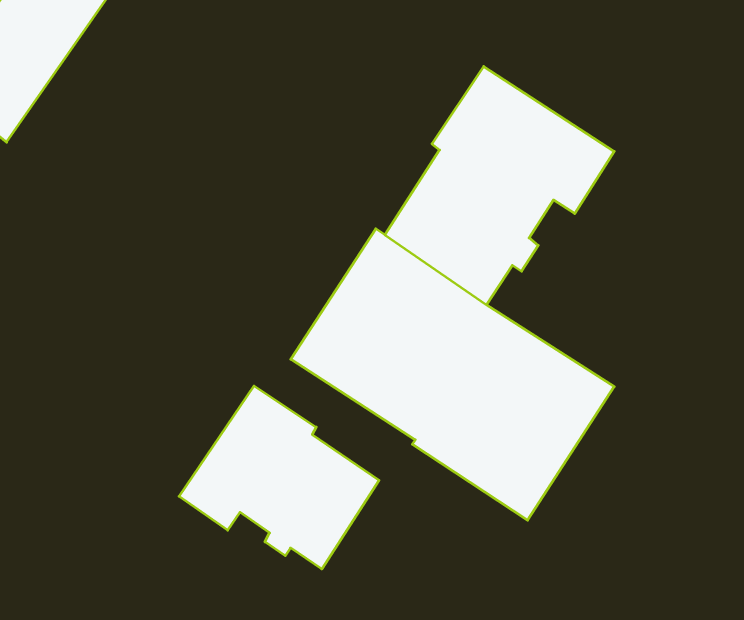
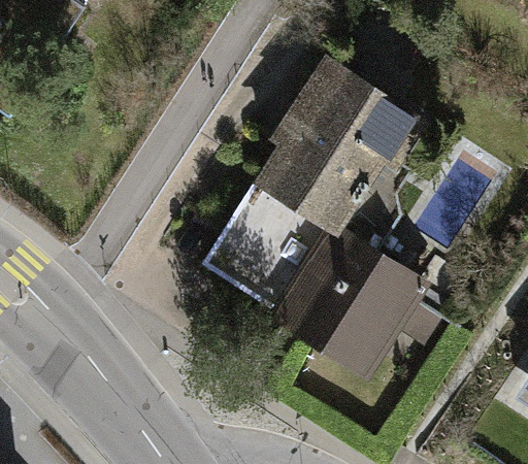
building: [179,386,379,569] -> none

